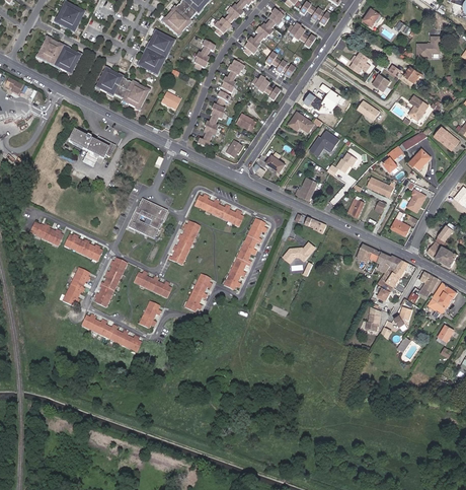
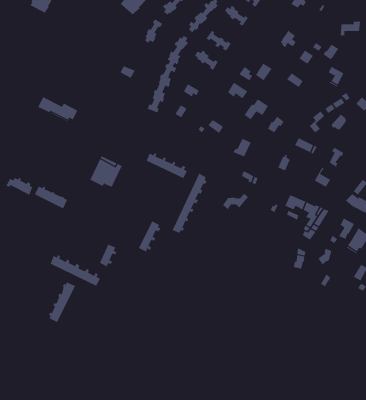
building: [139,28,174,72] -> none
building: [38,39,82,74] -> none
building: [97,69,150,110] -> none
building: [167,220,199,264] -> none
building: [93,258,126,306] -> [48,281,76,323]
building: [63,267,89,305] -> none
building: [133,270,170,296] -> none

